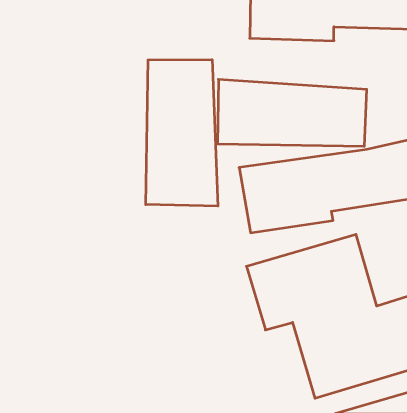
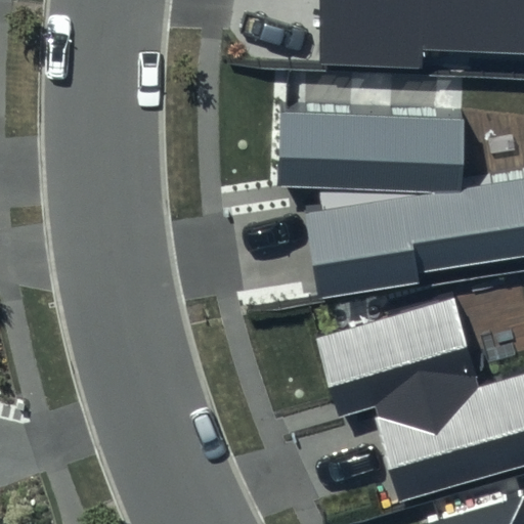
building: [146,60,218,206] -> none

